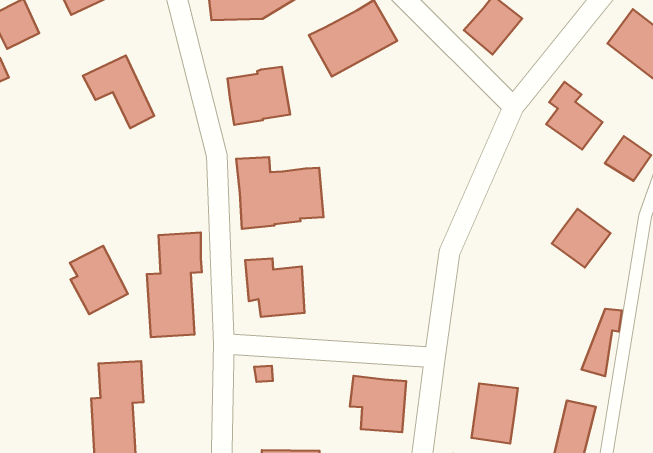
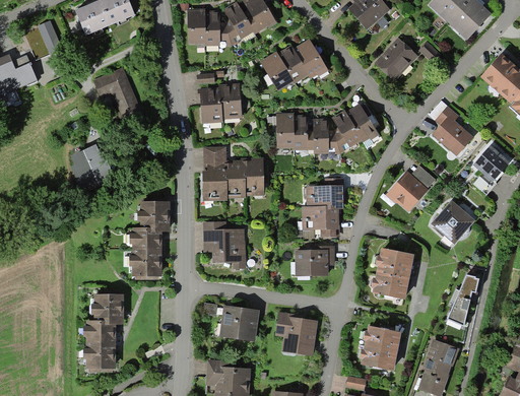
building: none -> [277,102,378,152]
building: none -> [386,170,428,212]
building: none -> [302,186,341,229]
building: [70,246,128,314] -> [70,142,112,192]
building: none -> [375,247,412,298]
building: none -> [294,246,334,277]
building: none -> [219,307,258,342]

